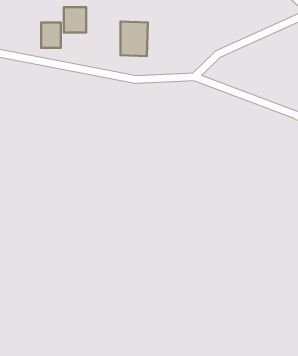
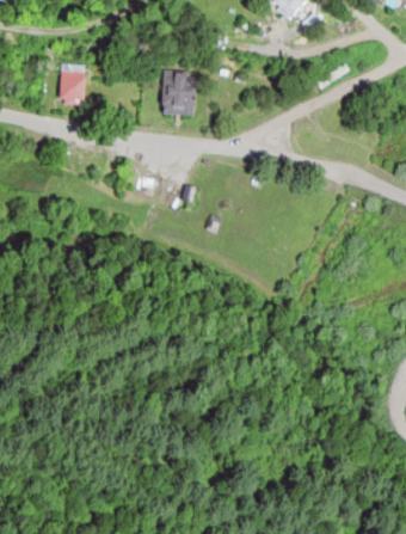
building: [64,7,86,32] -> none

